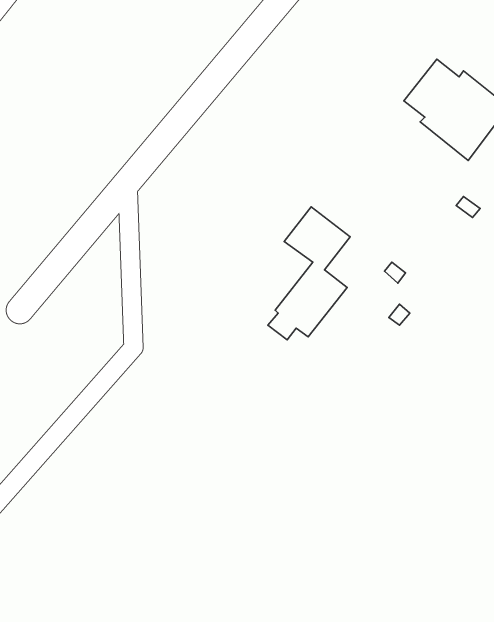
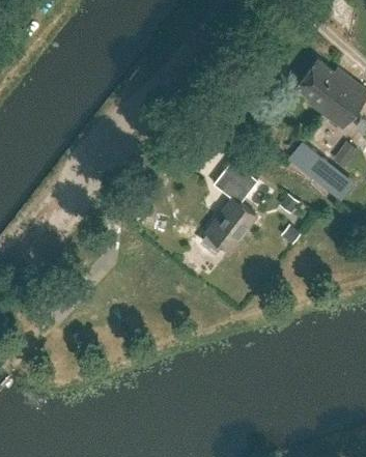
building: none -> [289,143,354,200]

